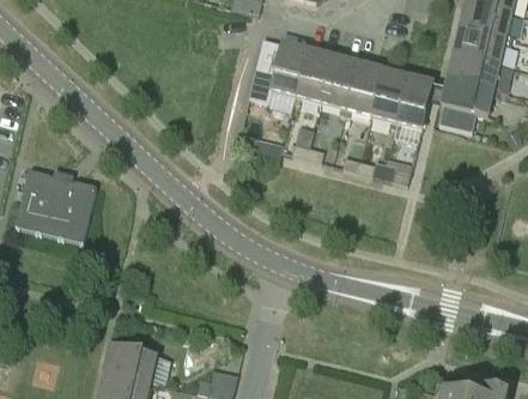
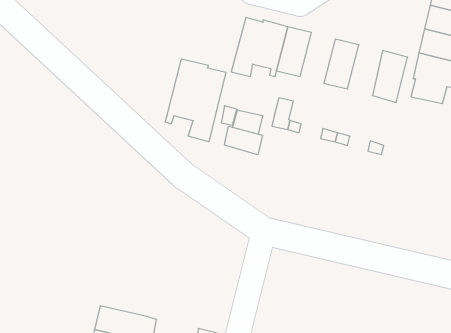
building: [321,54,358,108] -> none
building: [371,67,408,121] -> none
building: none -> [165,59,226,142]
building: none -> [224,126,263,155]
building: [13,168,95,242] -> none

